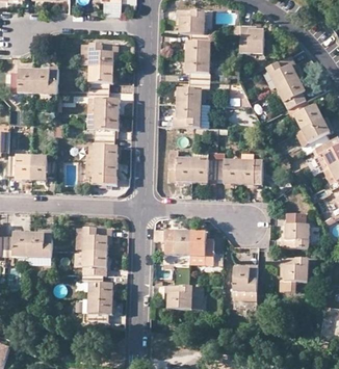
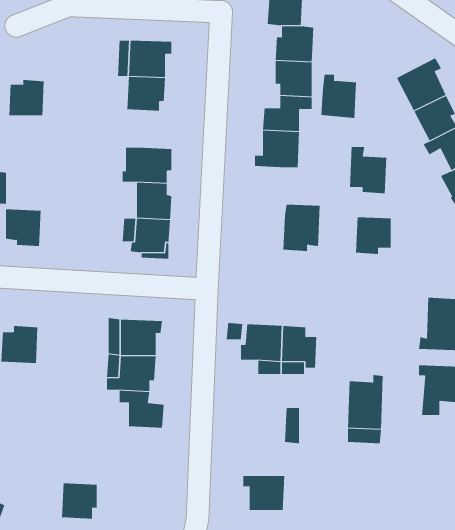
building: [239,26,263,55] -> [321,74,357,118]
building: [32,67,57,95] -> none
building: [87,89,119,115] -> none
building: [167,151,191,182] -> none
building: [214,153,239,184] -> [349,147,387,194]
building: [30,156,54,180] -> none
building: [28,230,52,265] -> none
building: [164,286,192,309] -> [243,476,285,510]
building: [87,298,111,322] -> [61,483,98,519]

